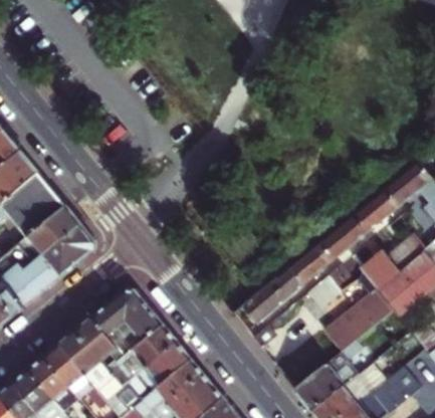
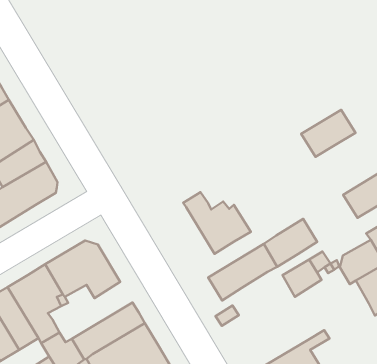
building: [319,213,369,259] -> [301,110,355,157]
building: none -> [183,192,251,254]
building: [329,289,391,350] -> none
building: [105,323,176,385] -> none

